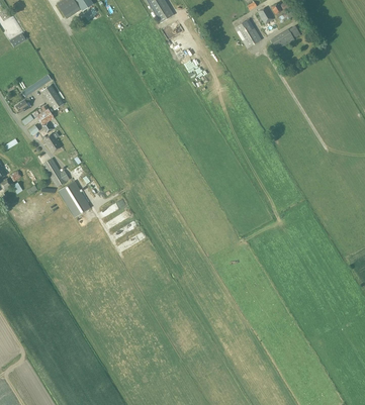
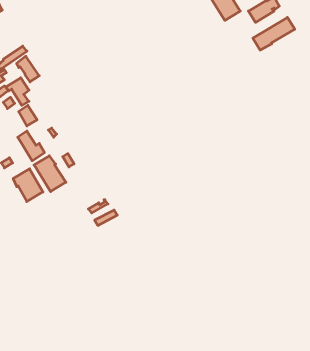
building: none -> [253,17,295,50]
building: none -> [13,169,43,202]

